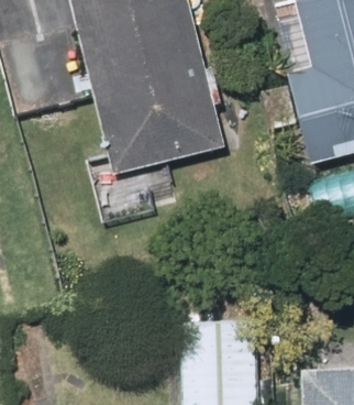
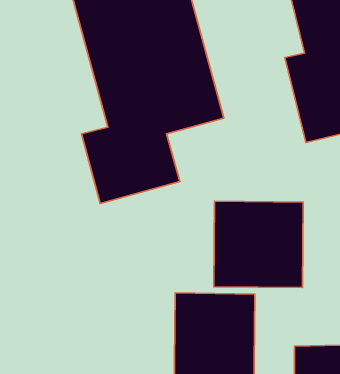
building: none -> [214,201,303,288]

